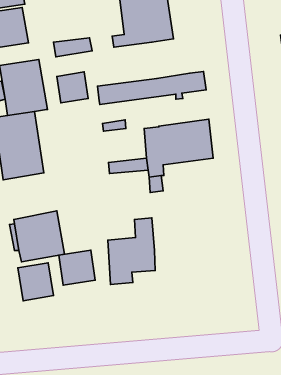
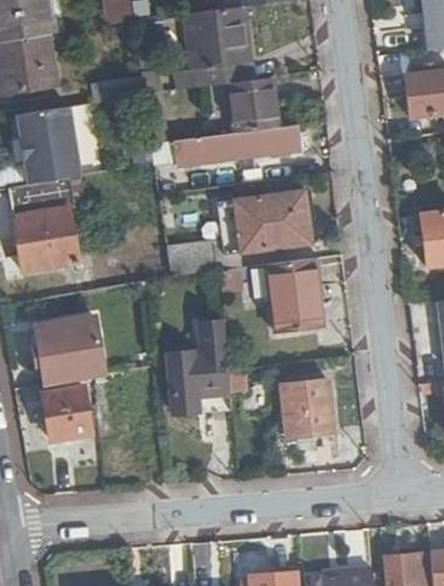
building: none -> [227,76,280,133]
building: [57,72,88,103] -> none
building: none -> [270,257,324,332]
building: [59,250,95,285] -> none
building: none -> [281,381,337,438]

